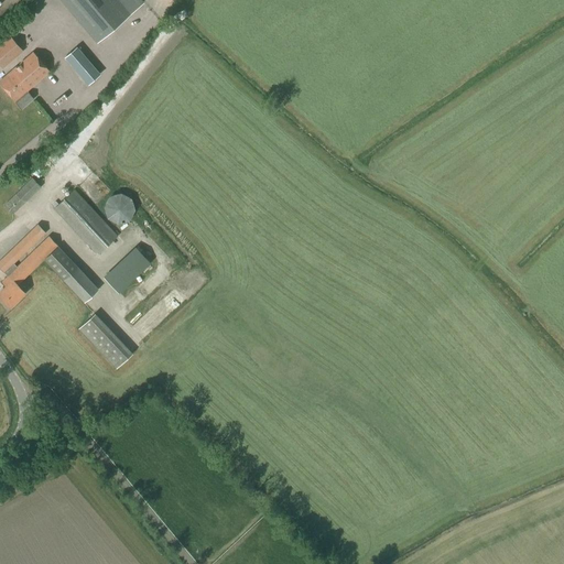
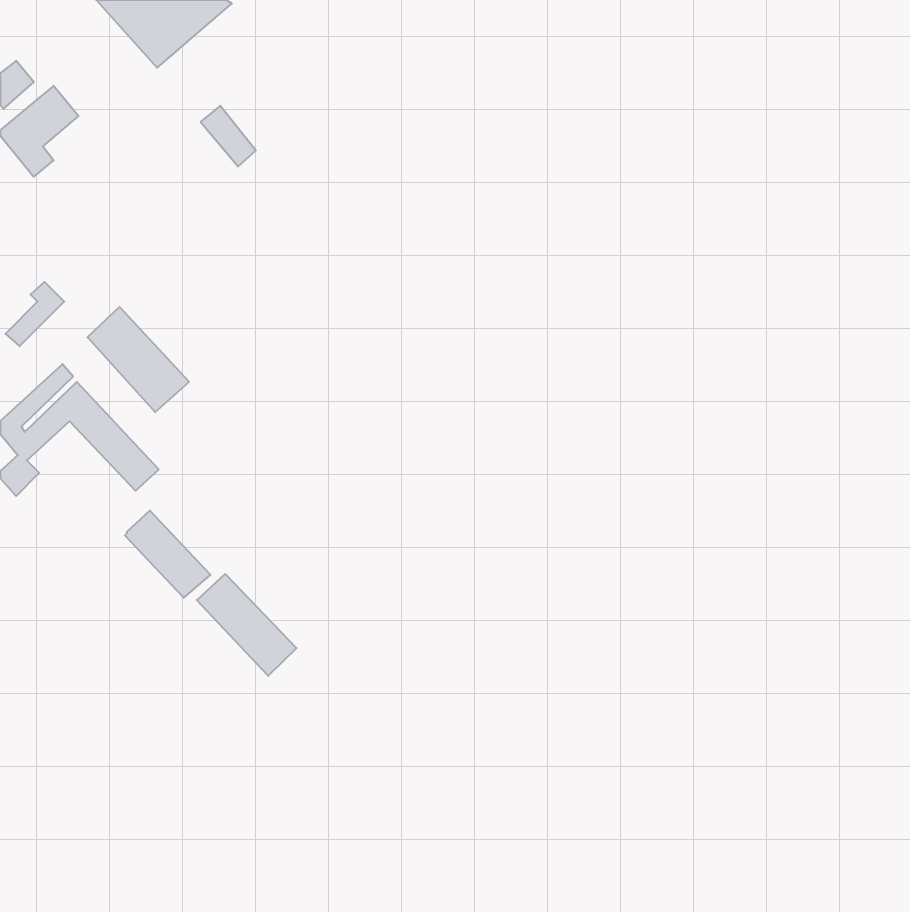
building: [66,47,100,85] -> [201,106,256,166]
building: [105,193,135,224] -> none
building: [105,248,150,292] -> none
building: none -> [197,574,297,676]

